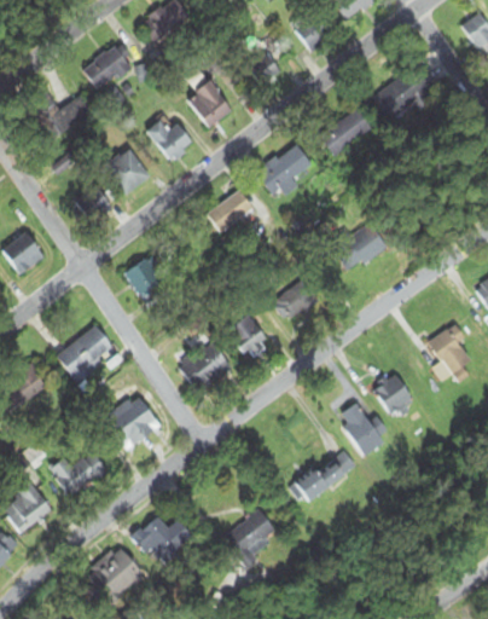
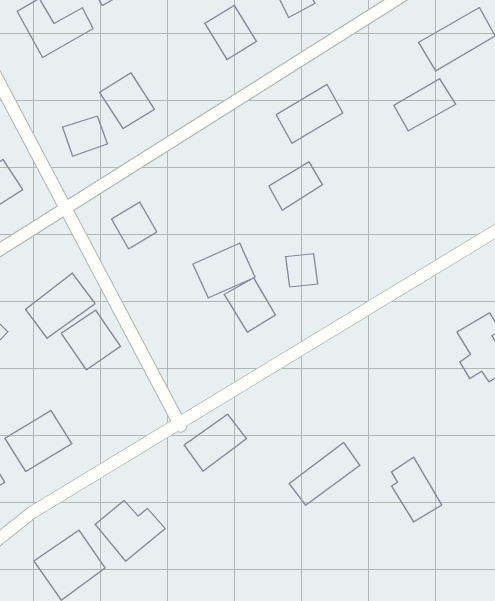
building: [320,109,373,156] -> [394,79,456,131]
building: [146,121,194,161] -> none
building: [208,190,254,233] -> [269,162,323,210]
building: [342,221,385,265] -> none
building: [178,341,232,391] -> [193,243,255,298]
building: [373,374,414,415] -> none
building: [110,395,162,447] -> [61,310,121,370]
building: [342,400,388,456] -> [391,457,442,522]
building: [225,509,278,560] -> [184,414,247,471]

